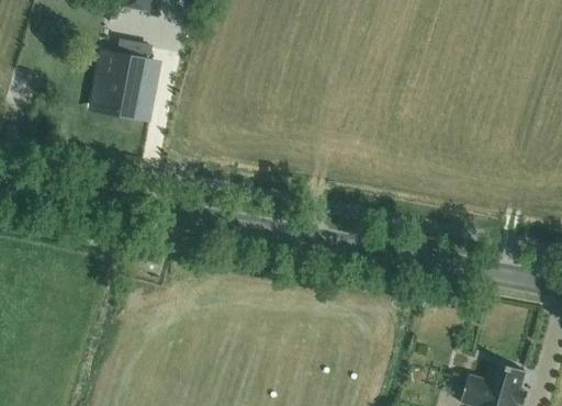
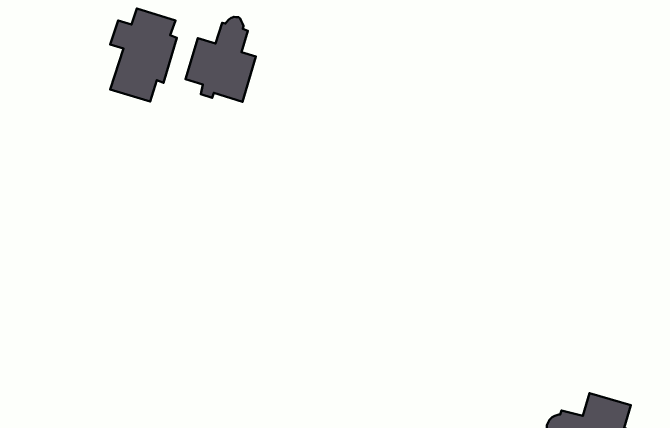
building: none -> [185,17,256,102]

